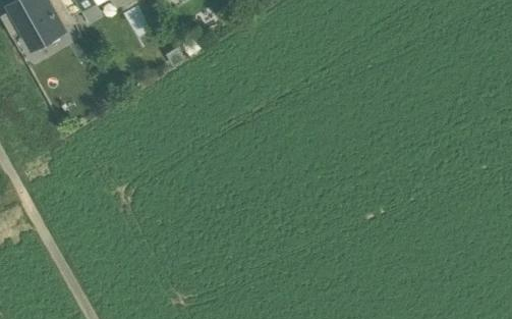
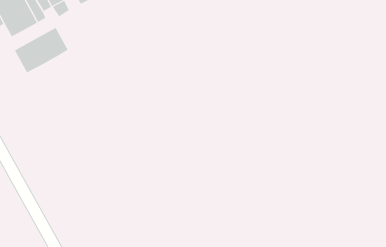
building: none -> [14,27,69,73]

